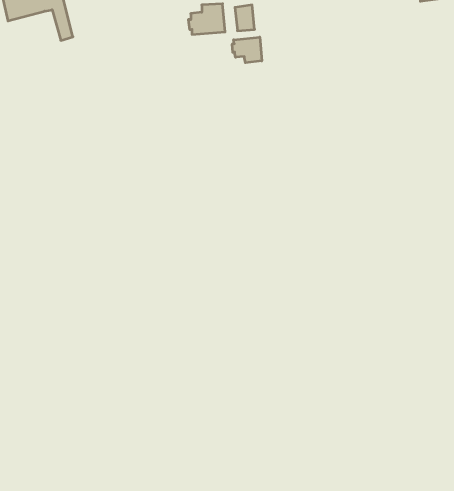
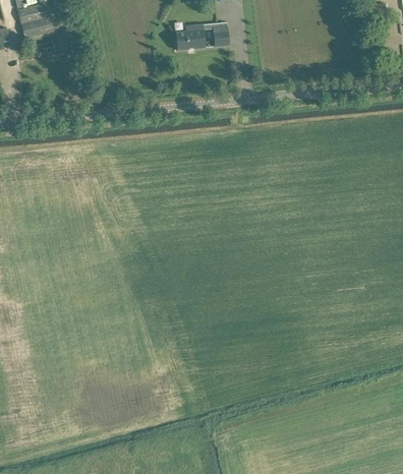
building: [232,37,262,63] -> none

